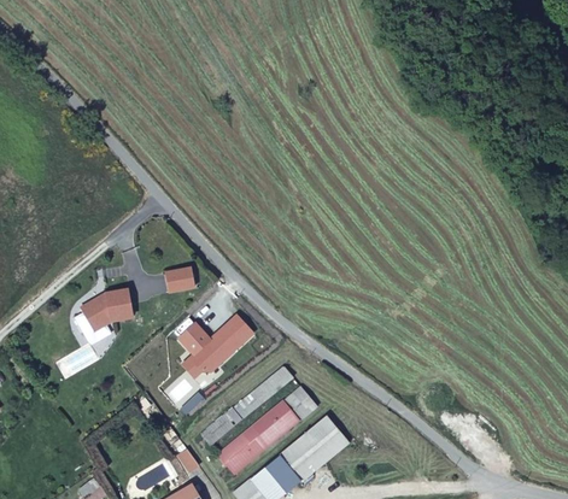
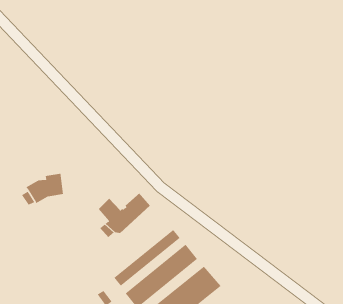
building: [166,264,197,289] -> none

